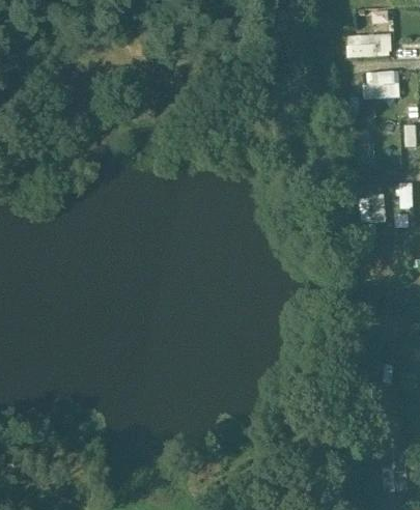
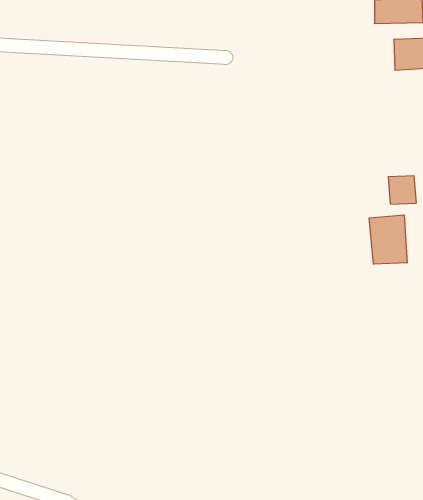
building: none -> [369,215,407,264]

